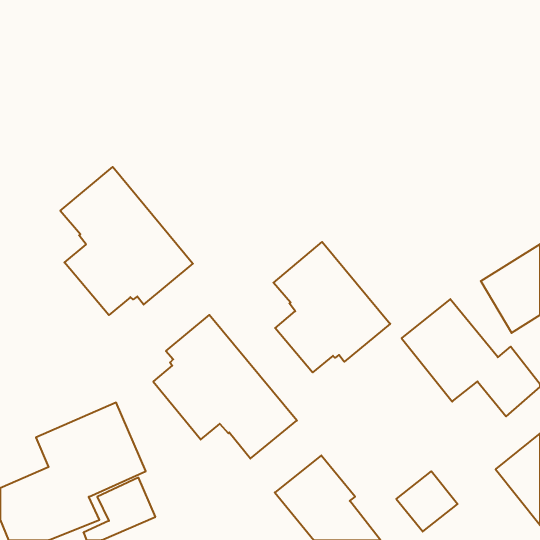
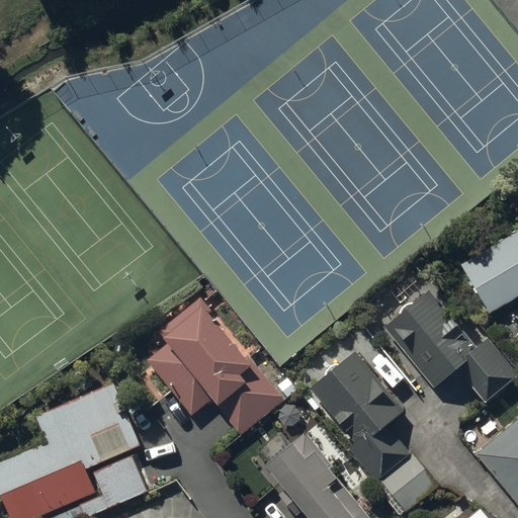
building: [60,167,193,315] -> none
building: [273,242,390,372] -> none
building: none -> [310,348,410,478]

